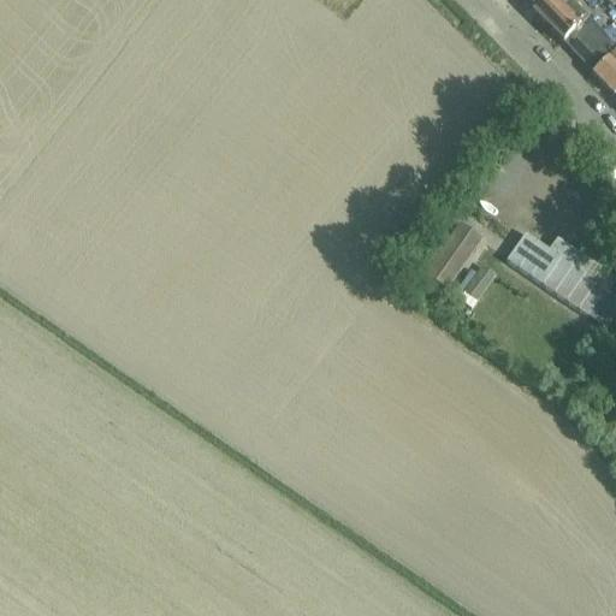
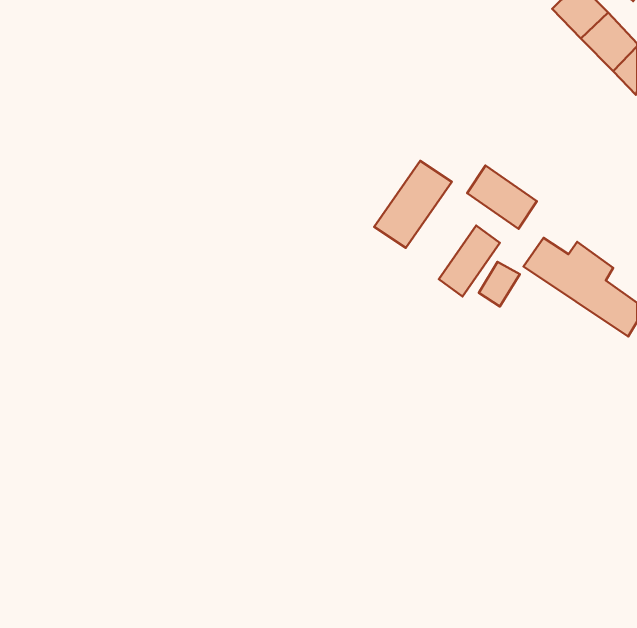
building: none -> [374,161,452,248]
building: none -> [467,166,537,229]

